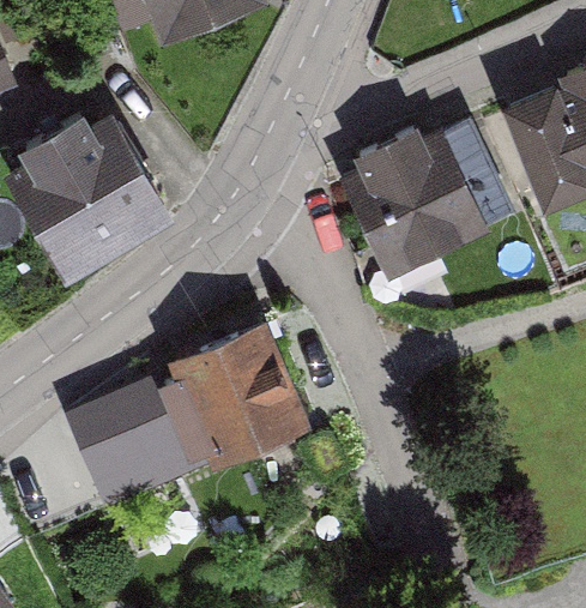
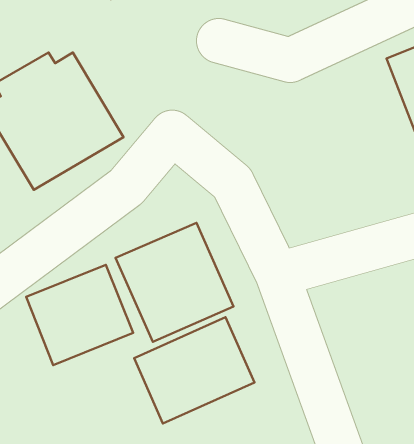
building: [342,128,503,278] -> none
building: none -> [134,317,254,423]

